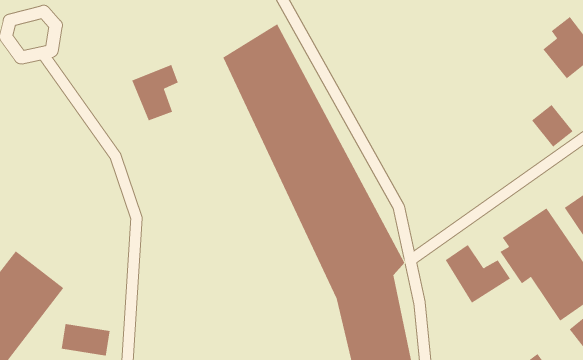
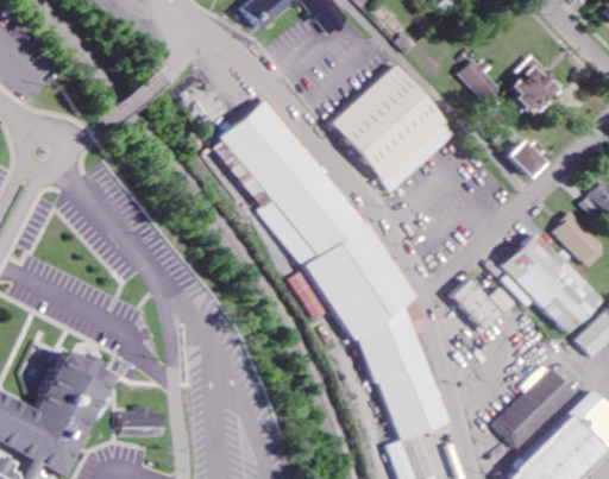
building: none -> [459,53,498,99]
building: none -> [332,69,456,193]
building: [132,64,178,121] -> none

